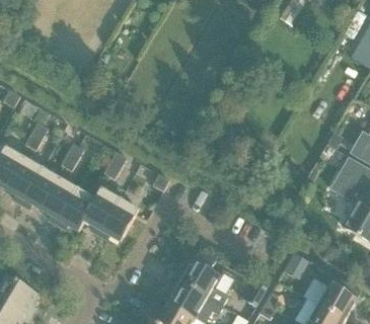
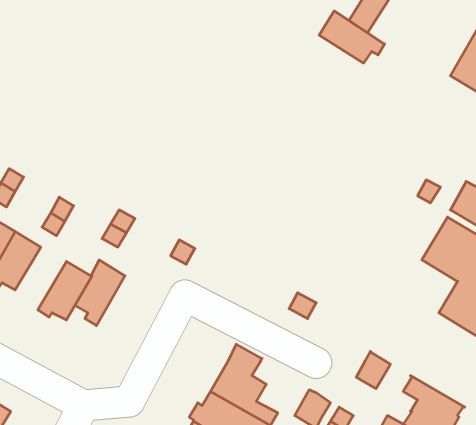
building: none -> [319,11,385,63]
building: [42,178,78,223] -> none
building: [99,198,138,240] -> none

